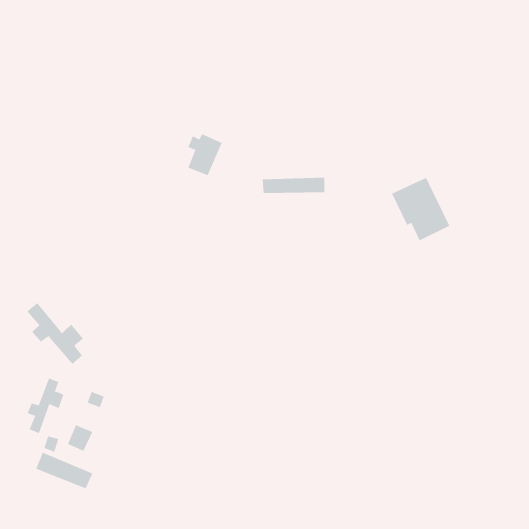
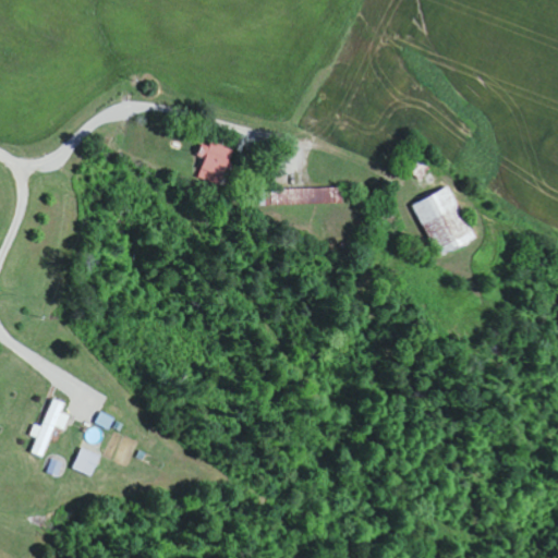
building: [27,302,84,365] -> none
building: [35,452,93,489] -> none

